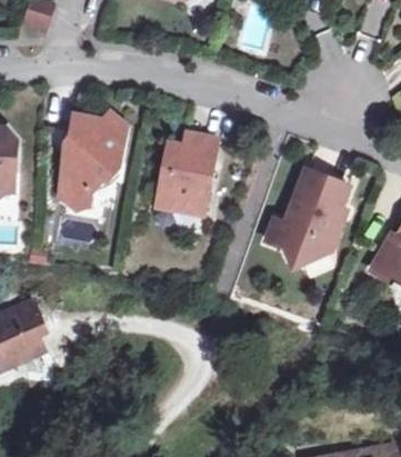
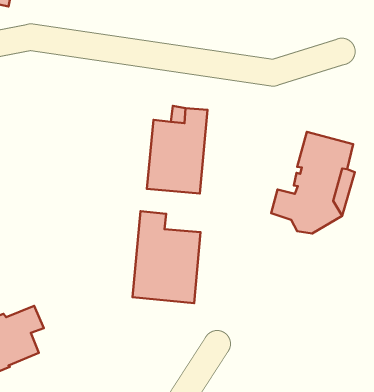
building: [60,112,126,210] -> none
building: none -> [133,211,200,303]

